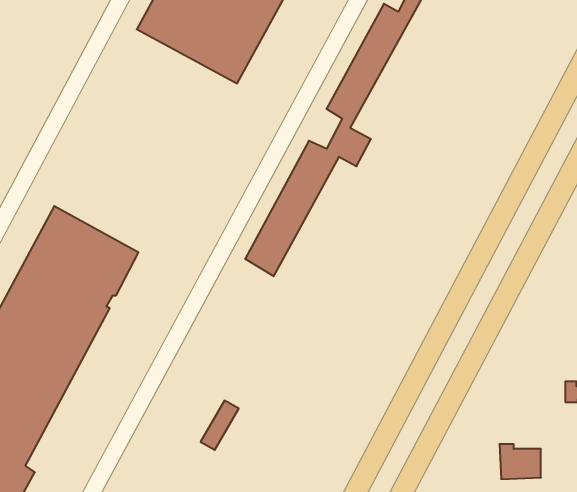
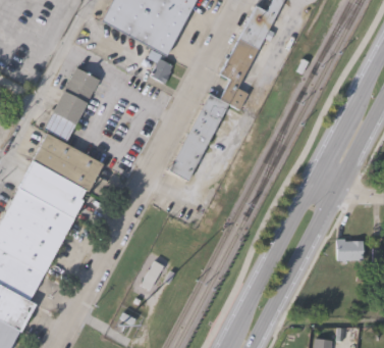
building: none -> [151,52,174,84]
building: none -> [45,67,99,140]
building: [499,444,541,479] -> [337,238,364,260]

